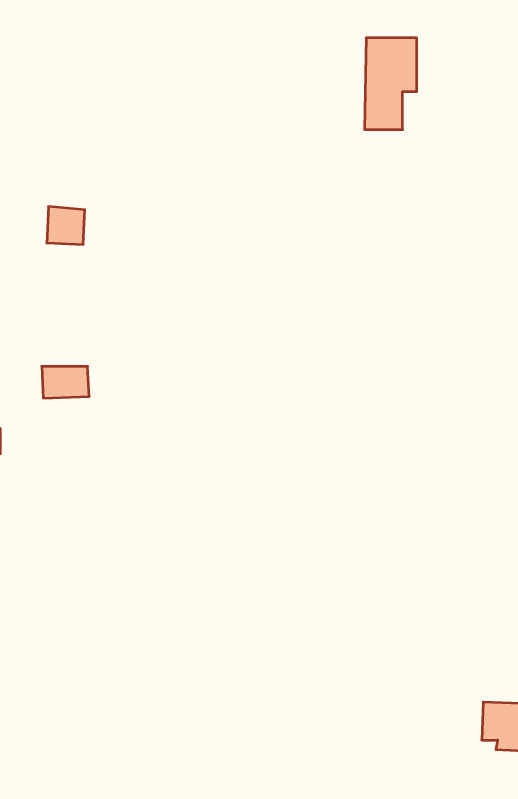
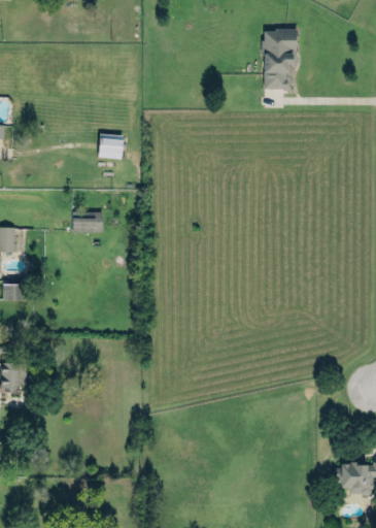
building: [47,207,85,244] -> [99,134,124,159]
building: [42,366,89,398] -> [73,212,104,233]

